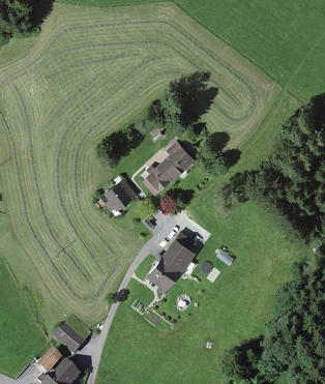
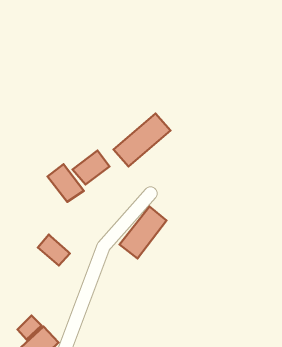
building: none -> [48,164,84,202]
building: [52,323,85,355] -> [38,234,70,265]

